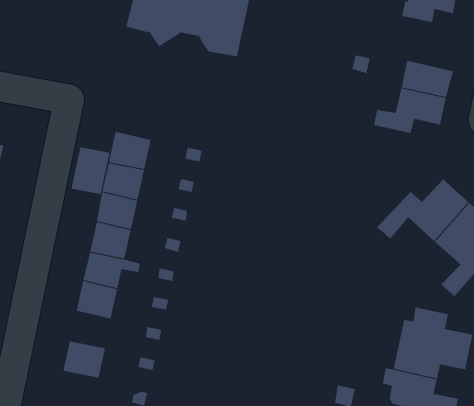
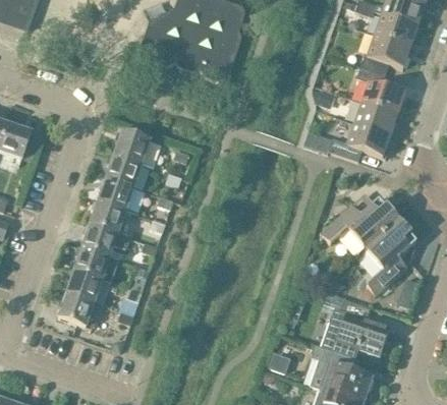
building: none -> [356,65,404,114]
building: [71,146,110,195] -> none
building: none -> [65,270,101,302]

